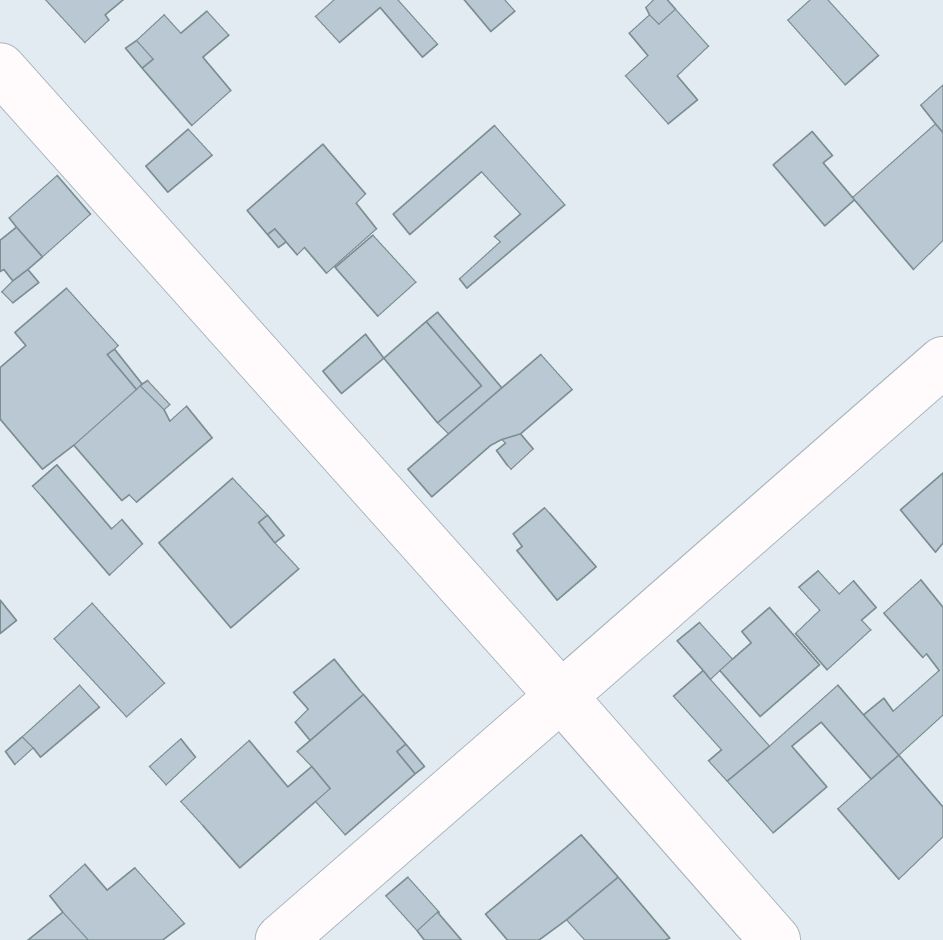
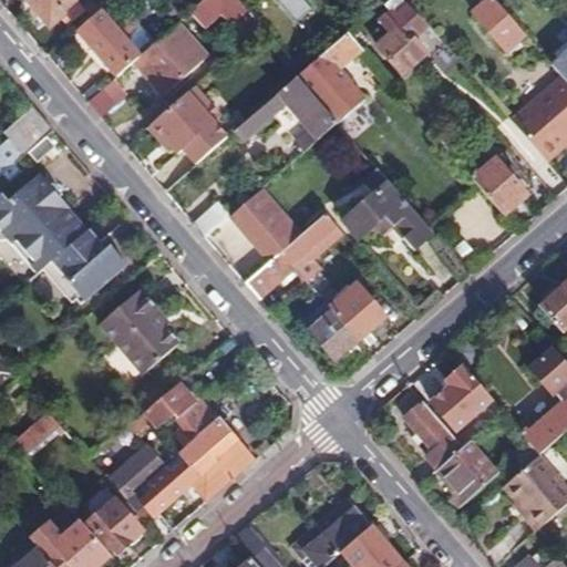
building: none -> [141,24,202,84]
building: none -> [297,31,367,123]
building: [773,132,855,226] -> [473,157,522,214]
building: [335,235,416,316] -> none
building: none -> [344,169,433,251]
building: [33,465,143,575] -> none
building: none -> [330,286,383,340]
building: [796,571,876,670] -> none
building: [54,603,165,717] -> none
building: none -> [145,382,200,426]
building: none -> [87,495,144,551]

